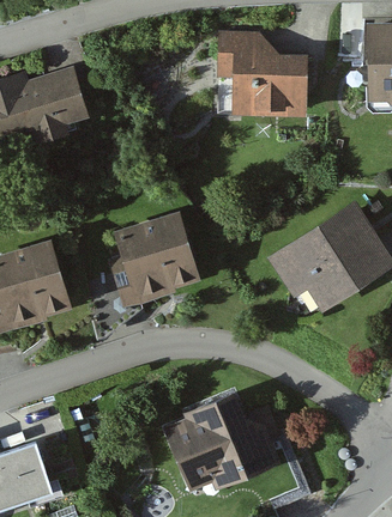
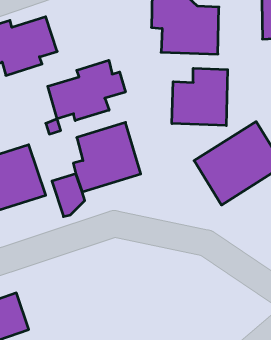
building: none -> [48,60,125,121]
building: none -> [172,68,228,126]
building: [164,394,279,492] -> none

